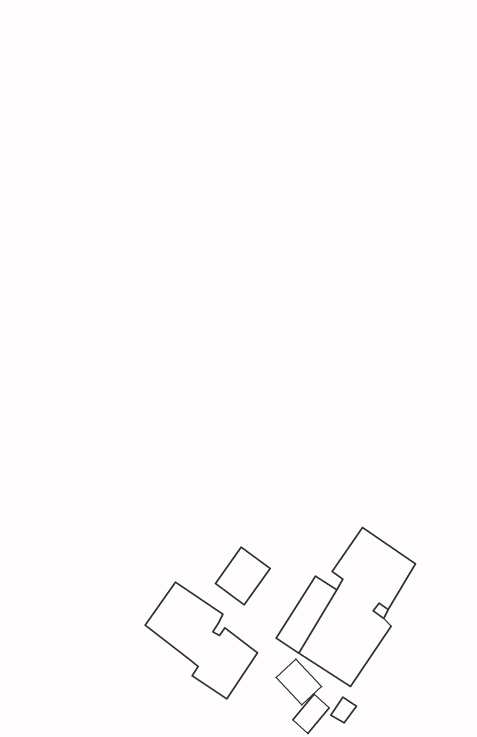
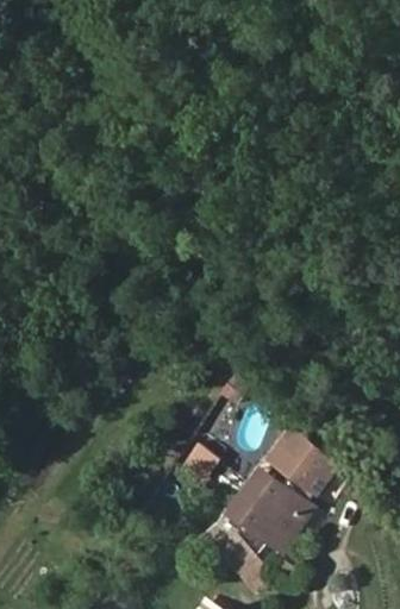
building: [145,582,258,699] -> none

